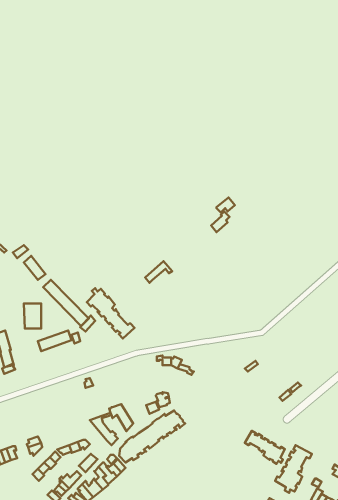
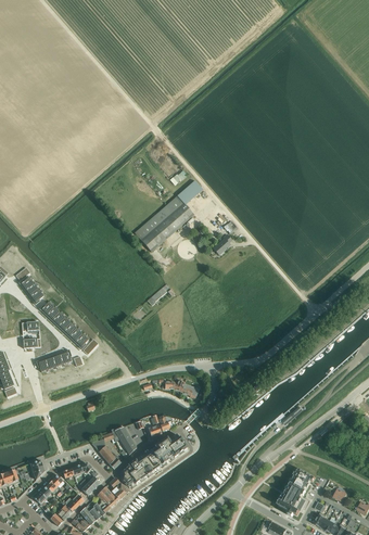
building: none -> [133,194,193,251]
building: [87,288,135,339] -> none
building: [245,431,285,464] -> none

